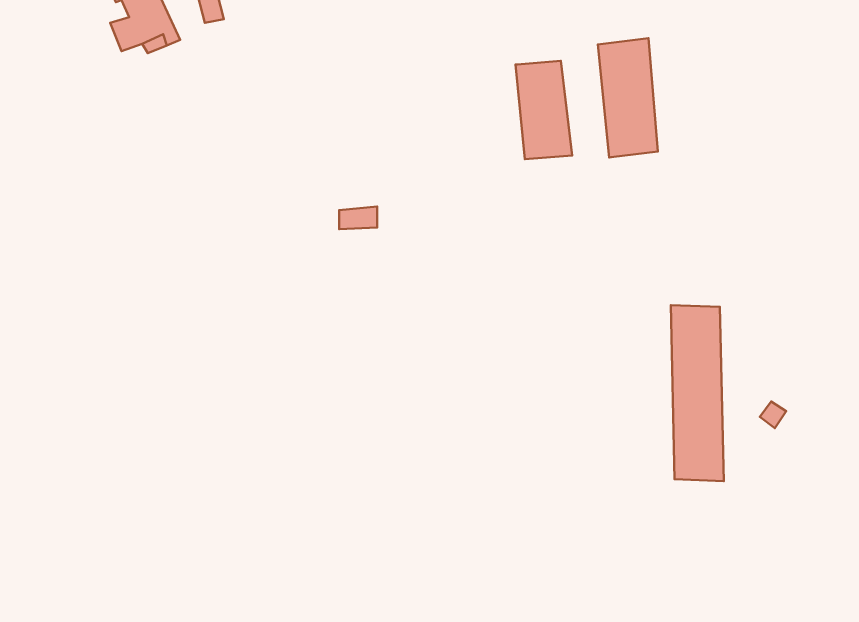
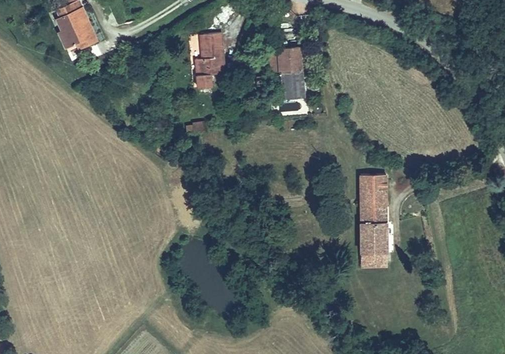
building: none -> [194,35,223,85]
building: [598,38,658,157] -> none

